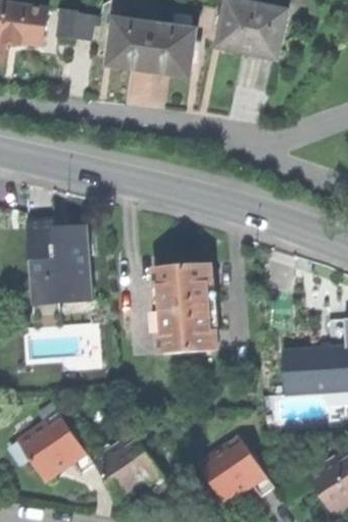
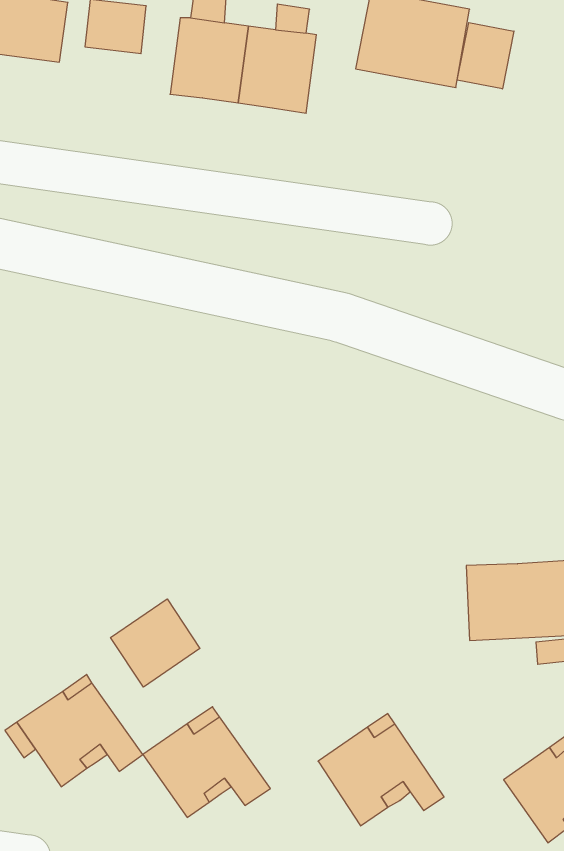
building: none -> [457,23,514,89]
building: [29,214,92,302] -> none
building: [159,262,218,351] -> none
building: none -> [111,599,200,687]

